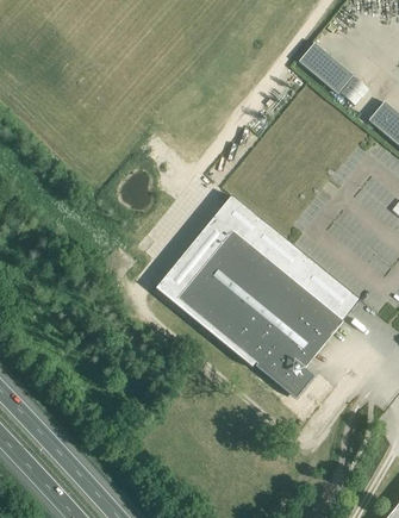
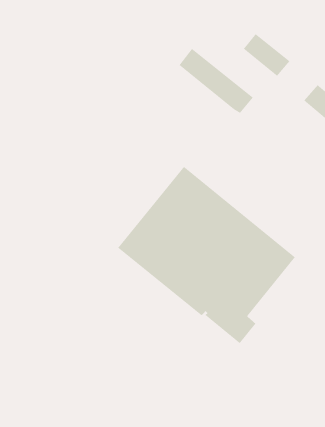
building: none -> [178,48,254,114]

